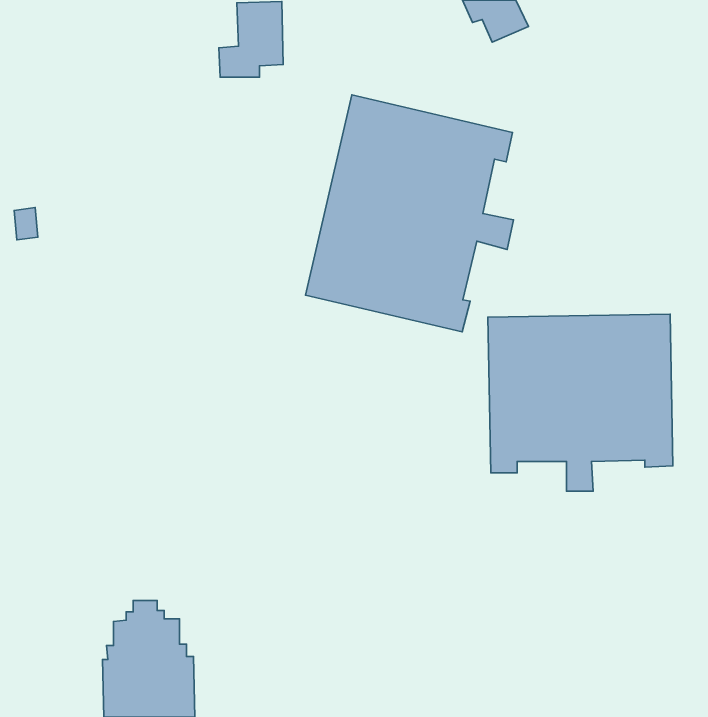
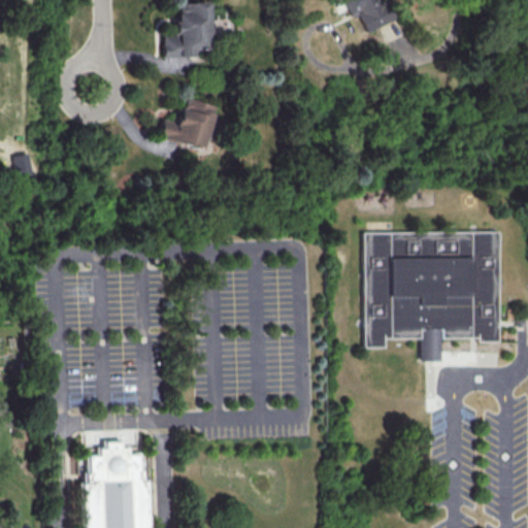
building: [305,95,514,332] -> none
building: none -> [161,97,218,148]

